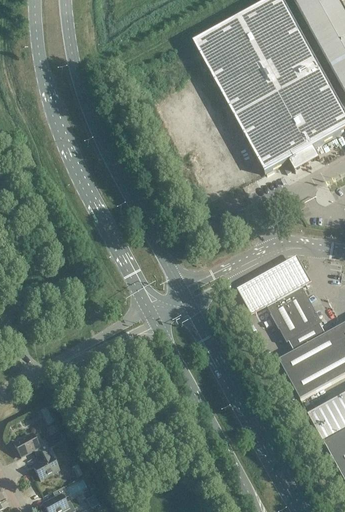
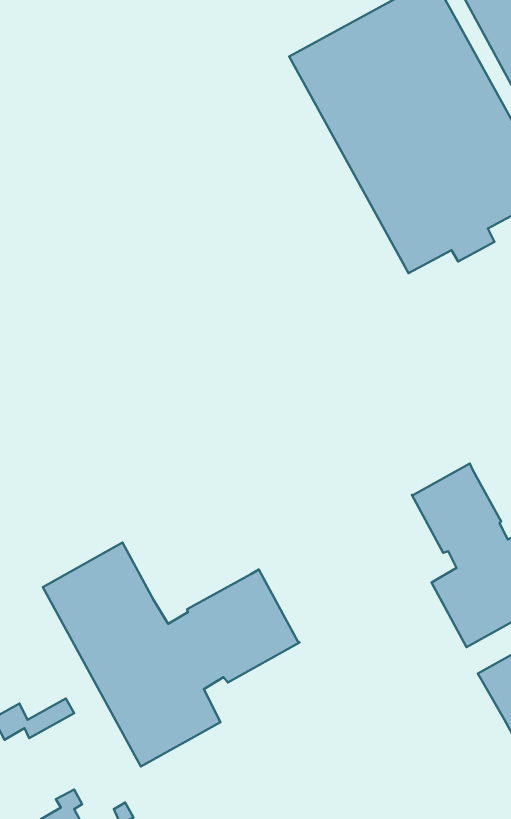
building: [236,251,311,310] -> none
building: none -> [43,543,299,767]
building: [33,449,59,478] -> none

